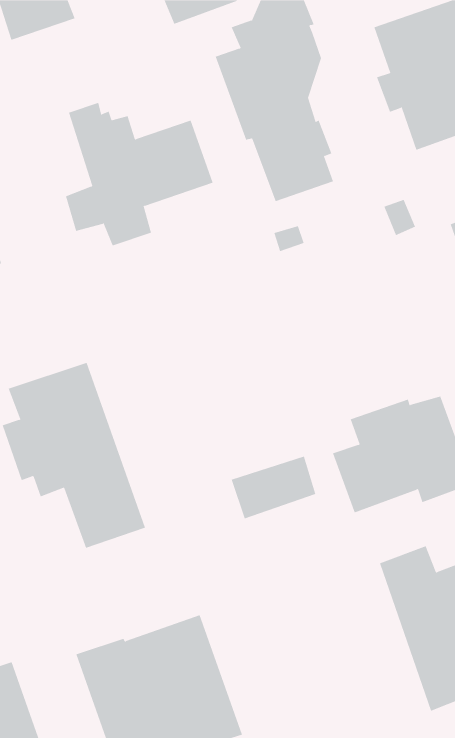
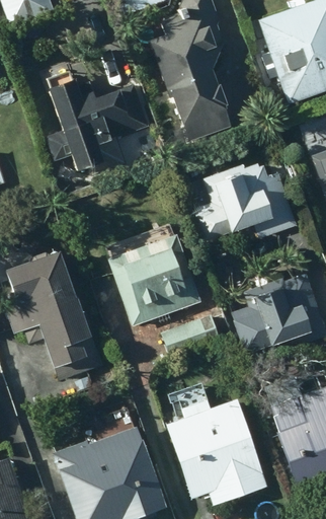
building: none -> [199,161,295,242]
building: none -> [106,234,199,326]
building: none -> [167,383,267,505]

